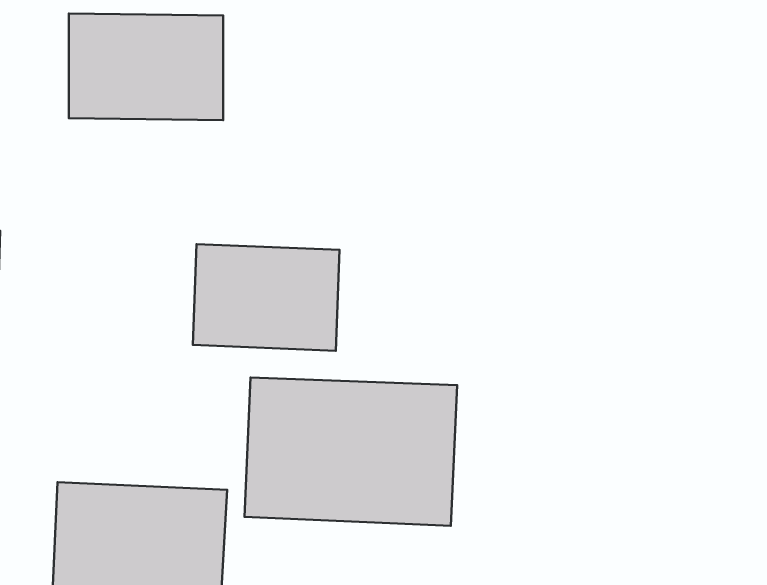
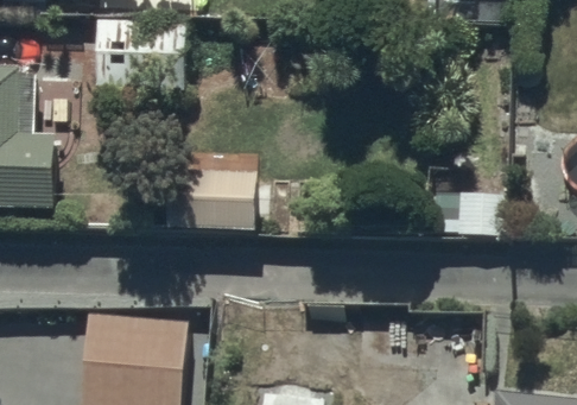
building: [244,377,457,526] -> none

